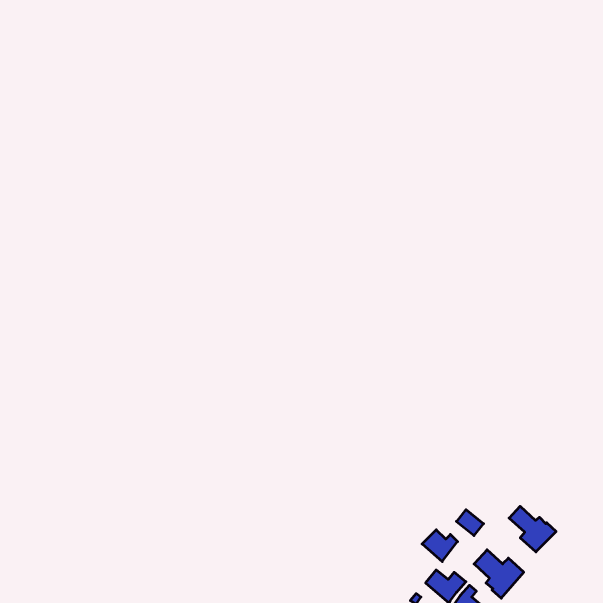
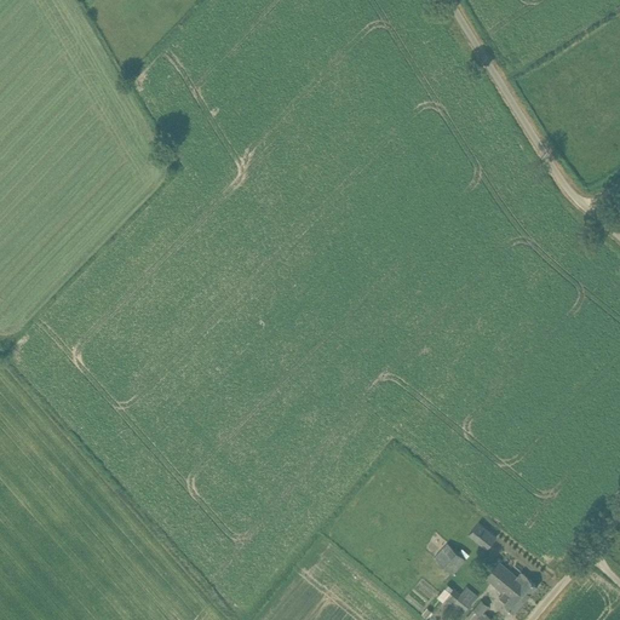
building: [509,506,556,552] -> none

